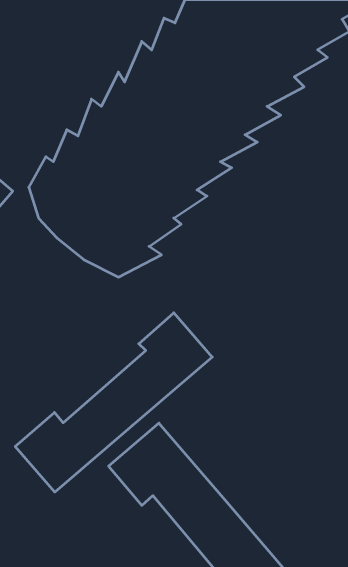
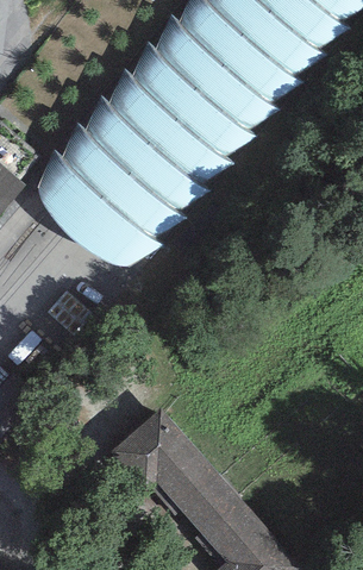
building: [15,313,212,492] -> none

